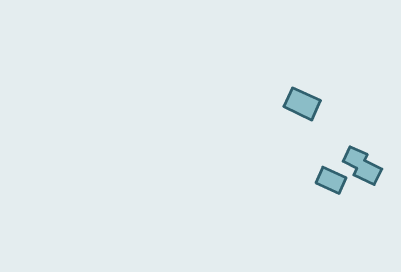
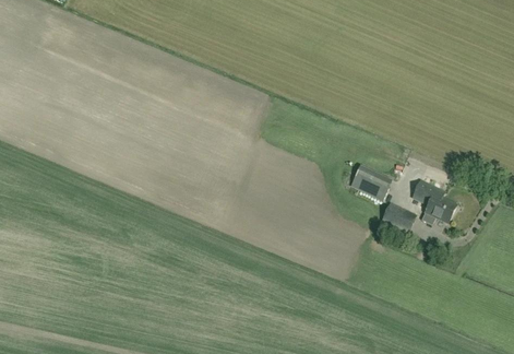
building: [284,88,321,120] -> [350,164,392,200]

